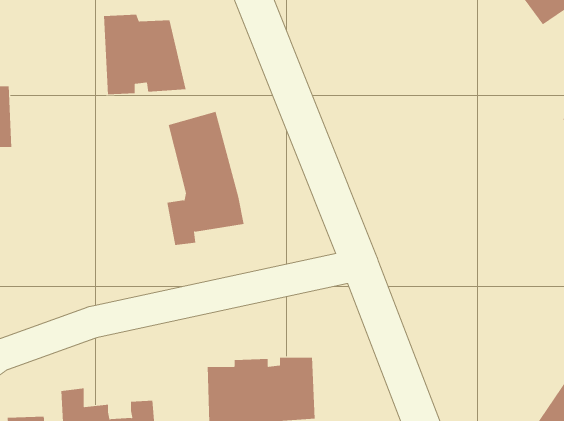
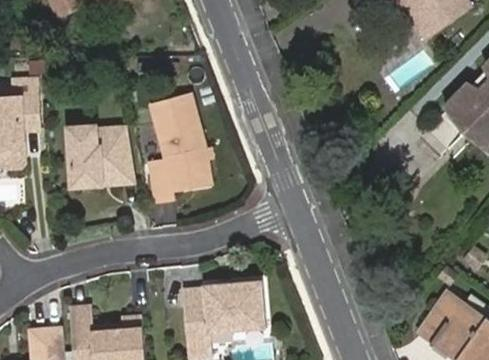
building: [103,14,186,95] -> [70,121,132,181]

